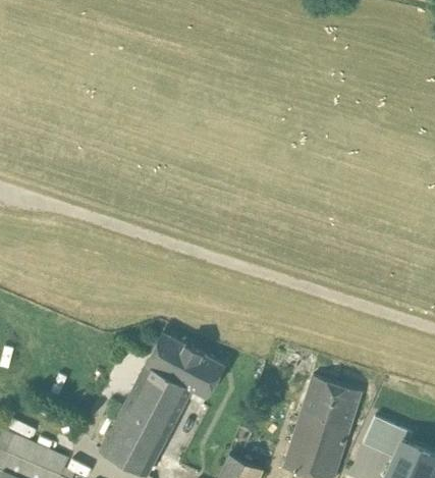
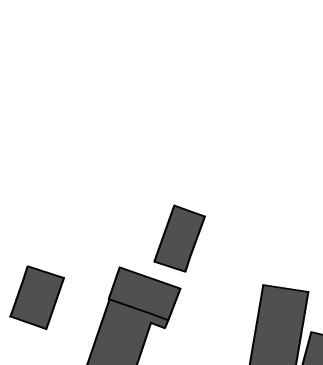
building: none -> [155,205,205,272]
building: none -> [10,266,64,329]

